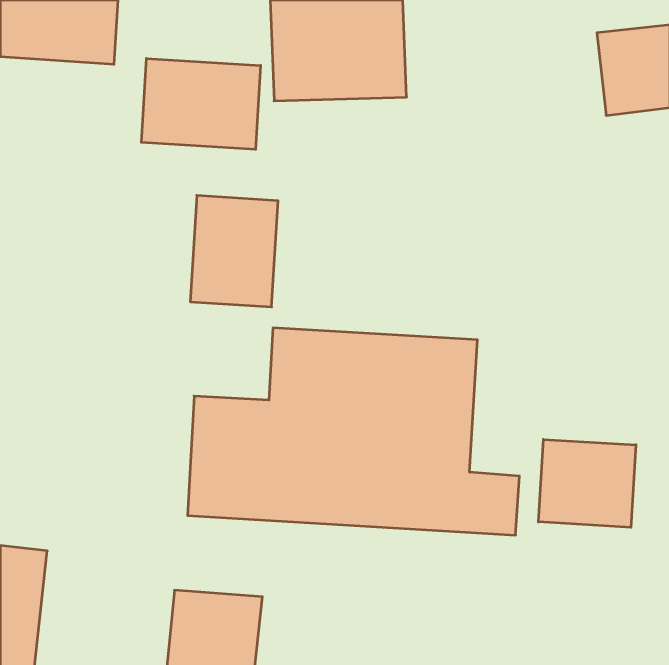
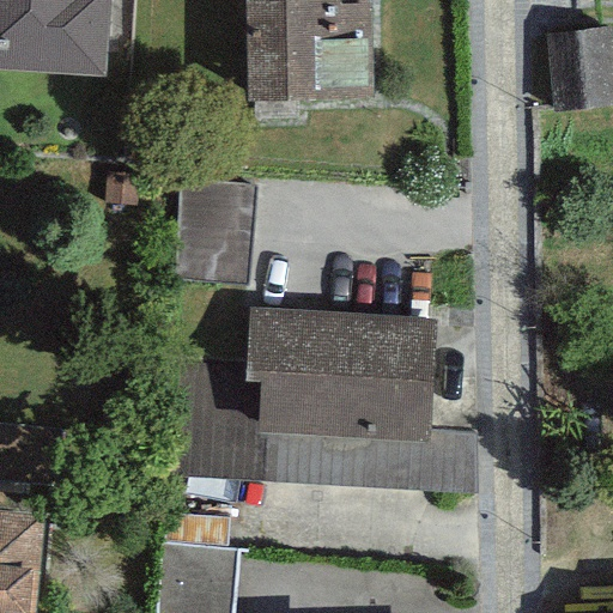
building: [141,58,261,149] -> none
building: [538,439,636,527] -> none

